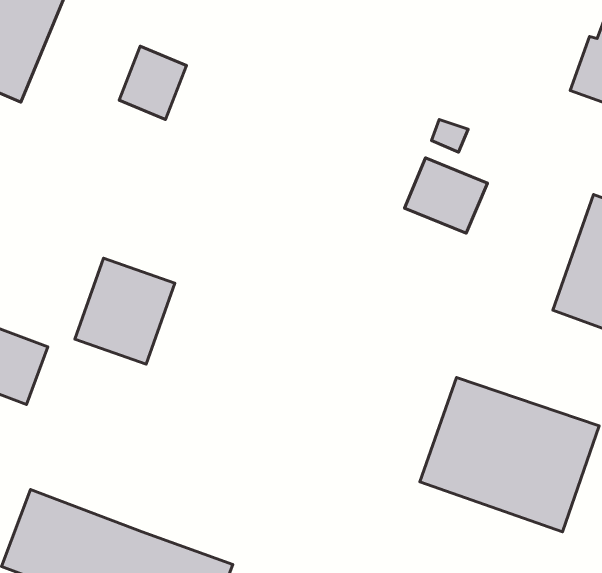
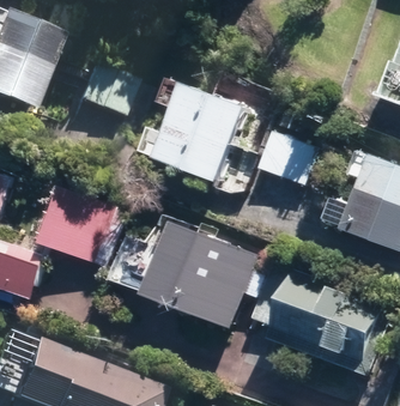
building: none -> [169,90,244,176]
building: none -> [149,223,255,320]

